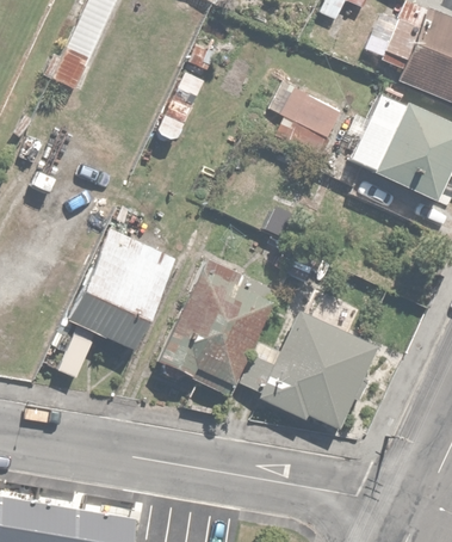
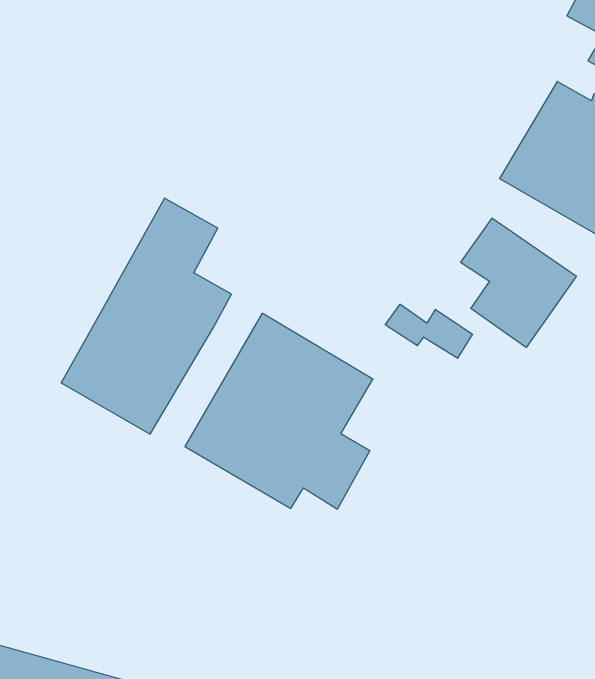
building: [267,79,345,162] -> [461,218,576,347]
building: [260,313,373,426] -> none

